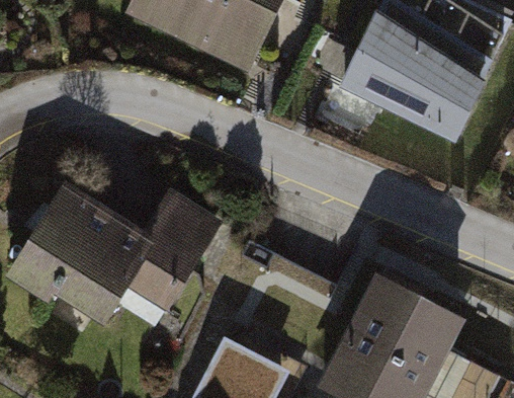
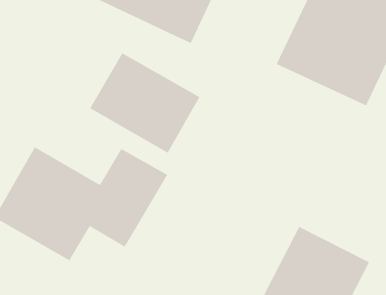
building: none -> [89,53,200,154]

